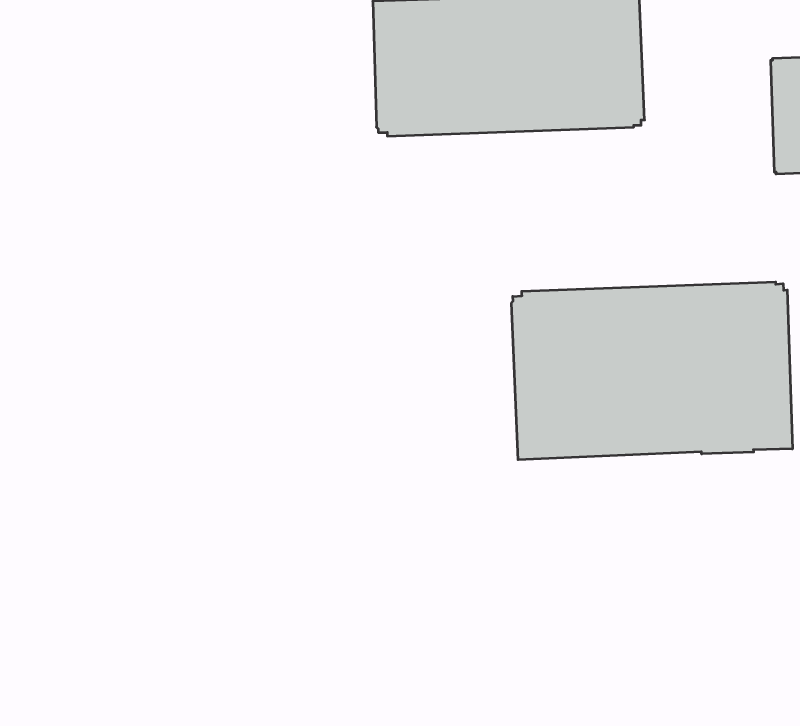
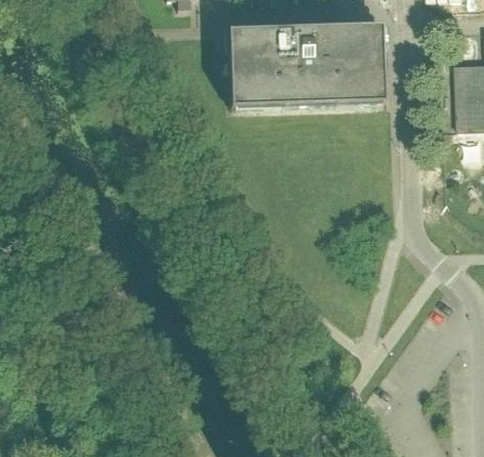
building: [511,282,792,460] -> none

